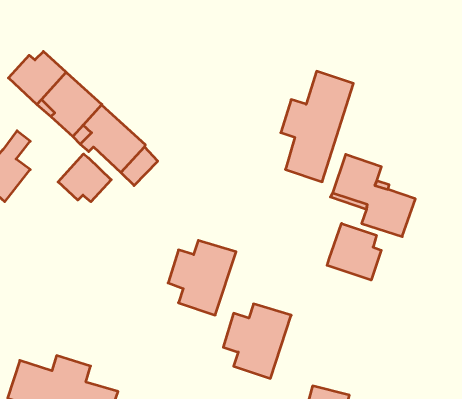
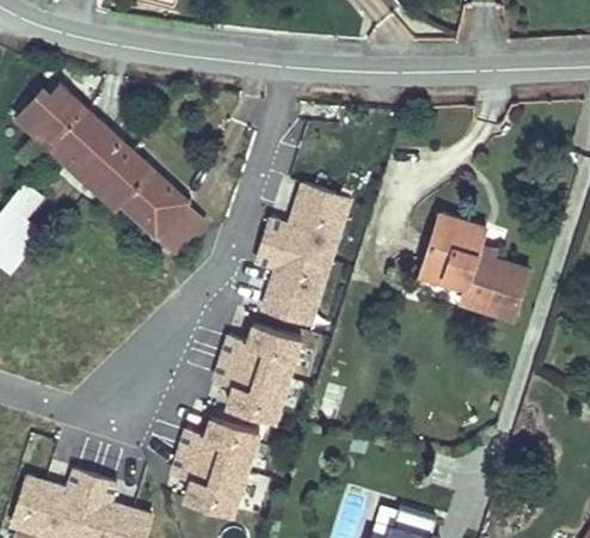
building: [281,71,353,182] -> [257,183,349,323]
building: [58,154,111,202] -> none
building: [327,223,381,280] -> none
building: [223,304,291,378] -> [173,417,259,512]

